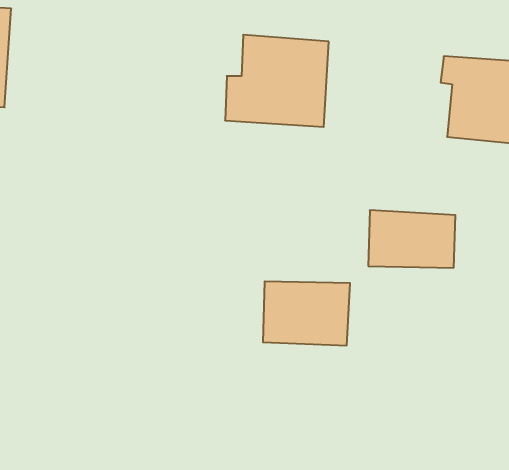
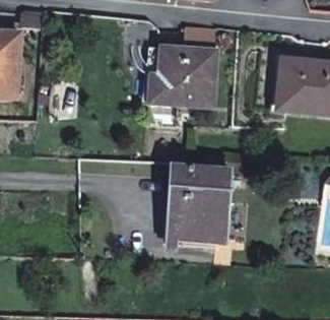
building: [368,210,455,268] -> [175,167,228,202]

